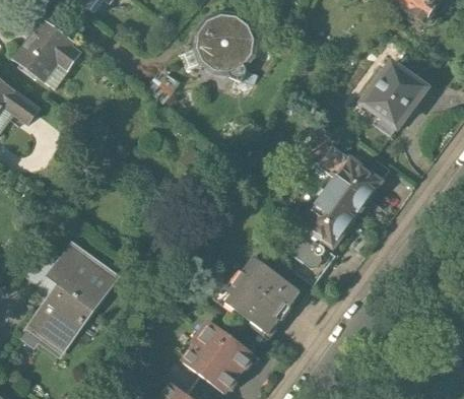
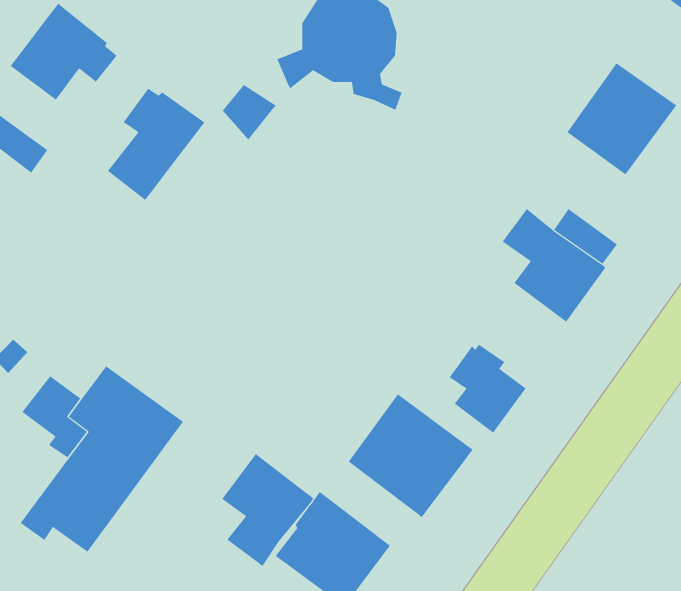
building: none -> [107,88,205,201]
building: [300,192,357,250] -> none
building: none -> [222,453,314,567]

